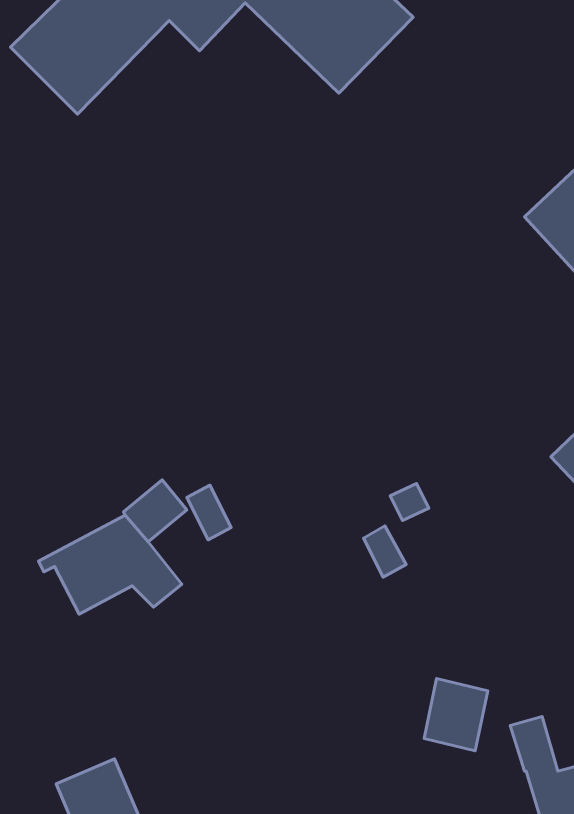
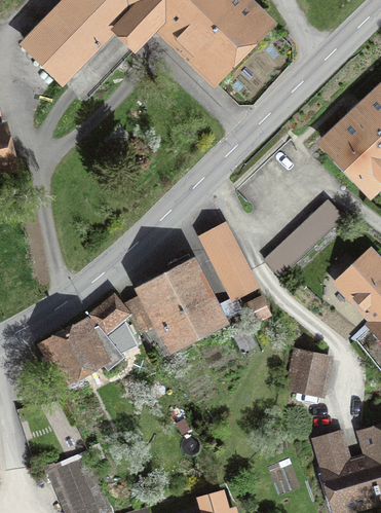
building: none -> [264,201,343,278]
building: none -> [201,226,255,297]
building: none -> [146,261,222,347]
building: [424,678,488,751] -> [290,352,327,394]

